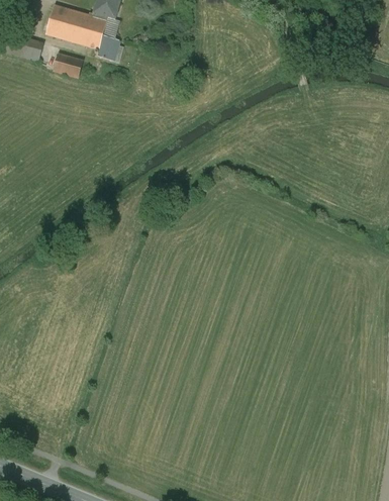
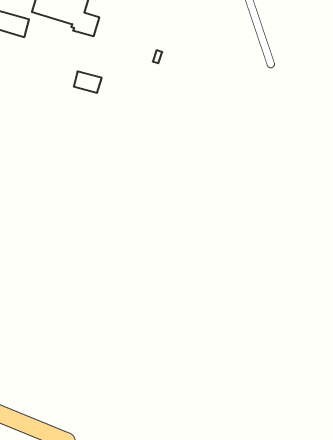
building: [58,53,88,76] -> [74,71,102,93]

